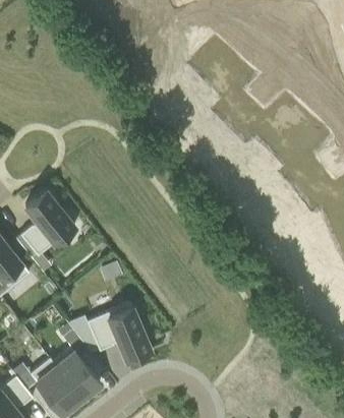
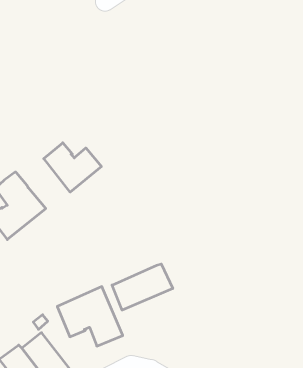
building: none -> [44,143,101,192]
building: none -> [112,264,173,310]

